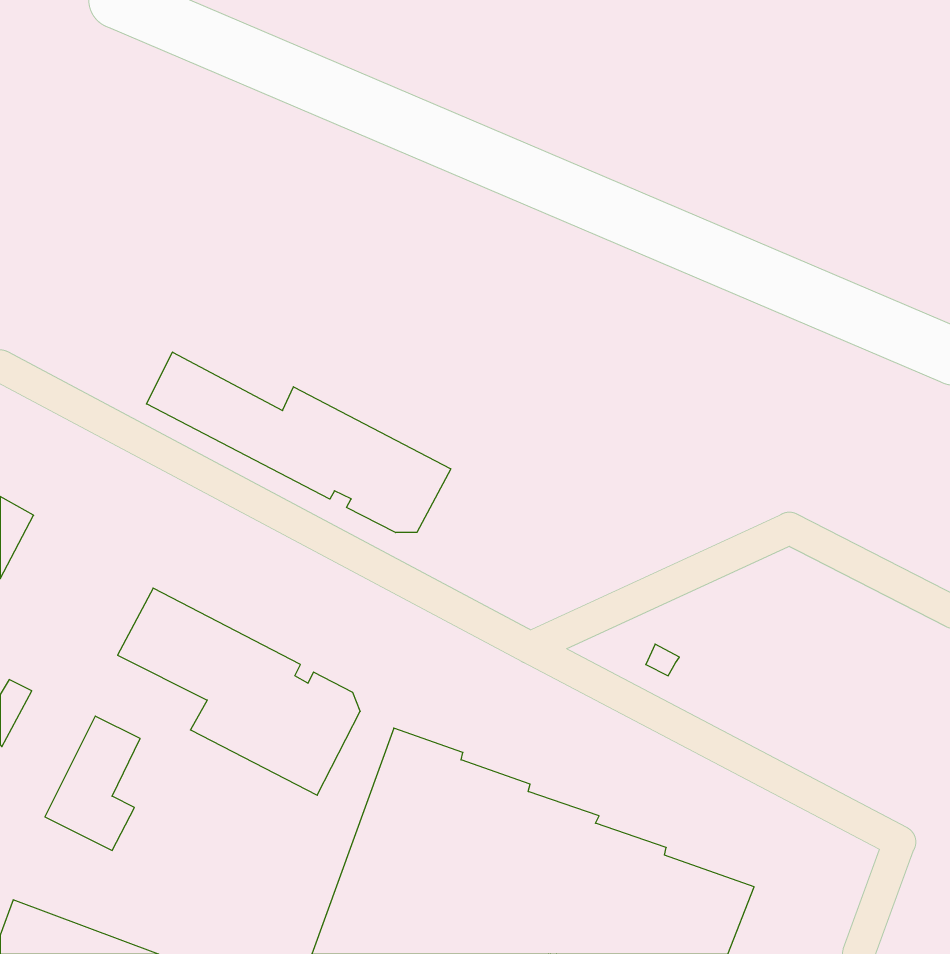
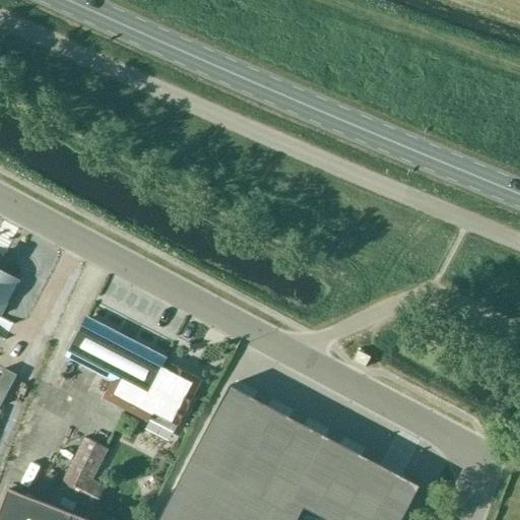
building: [146,352,451,533] -> none
building: [45,716,140,850] -> [58,437,110,510]

